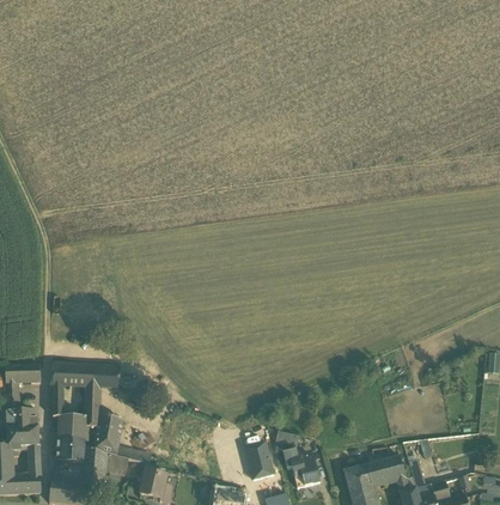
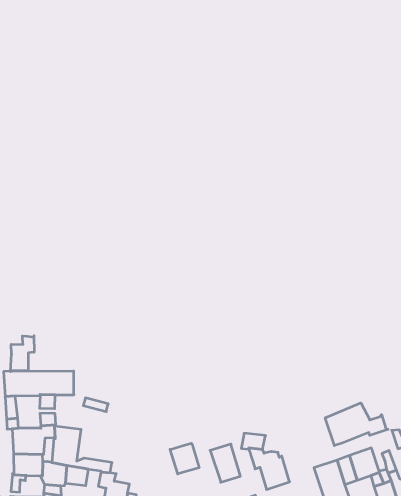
building: none -> [11,336,34,372]
building: none -> [325,403,388,446]
building: none -> [170,443,199,474]

